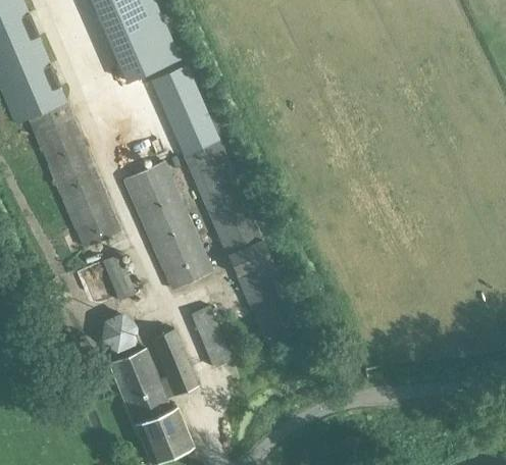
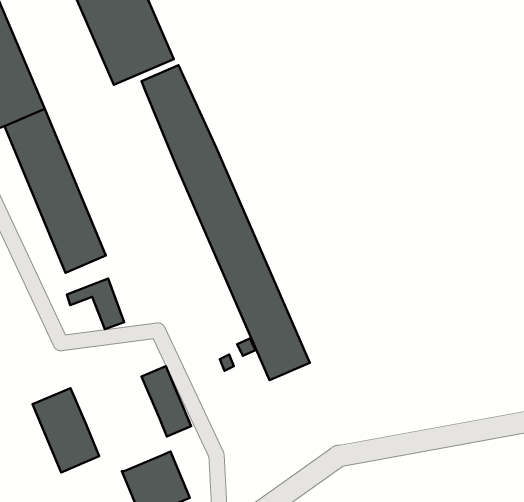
building: [124,162,210,289] -> none
building: [192,309,230,366] -> none
building: [103,311,132,346] -> none
building: [110,349,169,423] -> [33,388,99,472]

